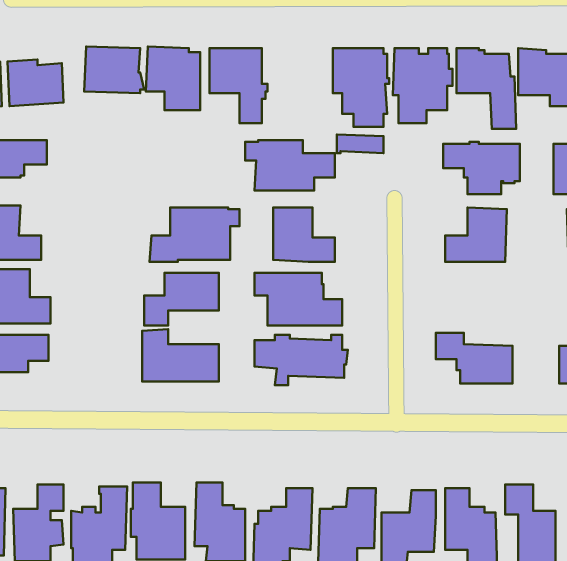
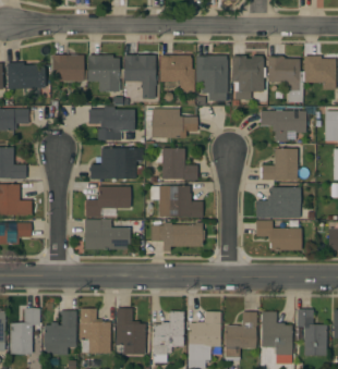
building: none -> [160,56,195,91]
building: none -> [88,107,134,140]
building: none -> [256,187,300,218]

